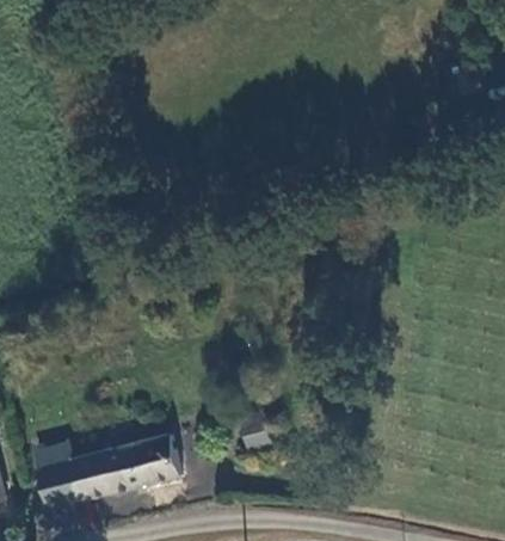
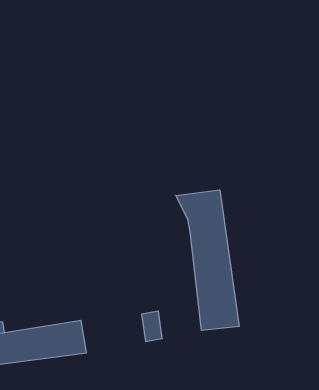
building: none -> [176,190,239,330]

